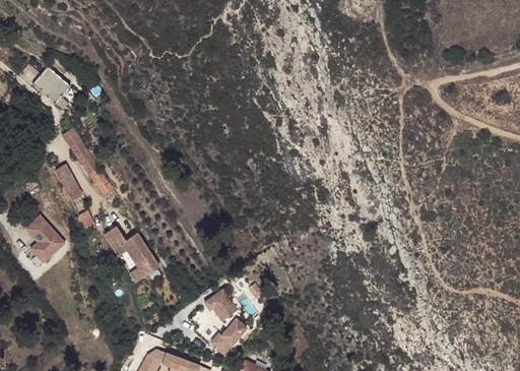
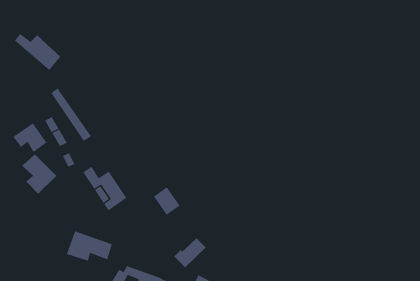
building: none -> [12,122,47,153]
building: [208,286,242,321] -> [153,186,180,215]
building: none -> [66,230,113,262]

